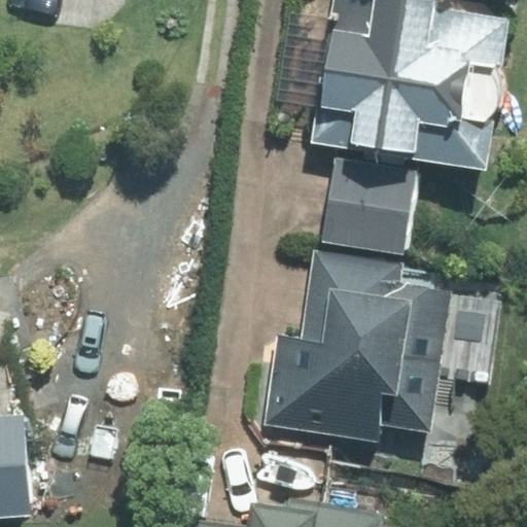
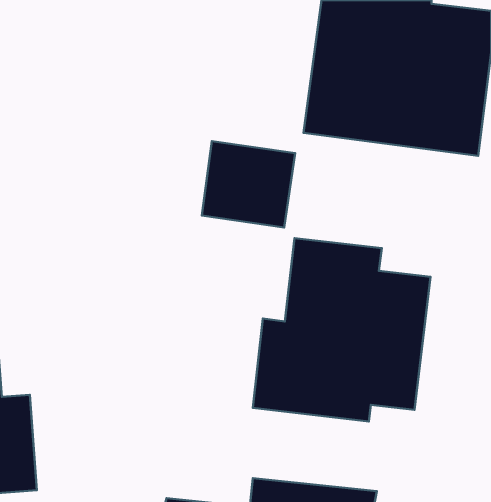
building: [321,164,418,253] -> [202,141,295,227]

